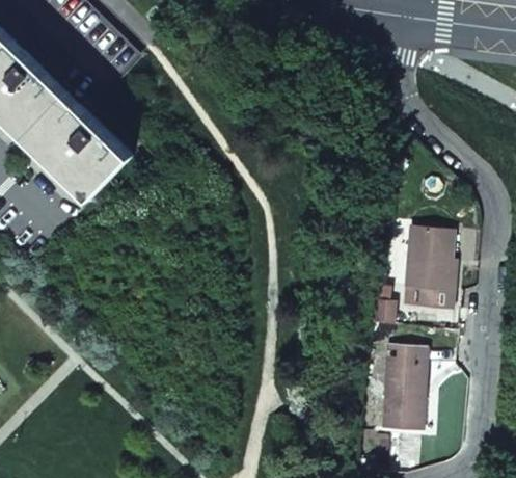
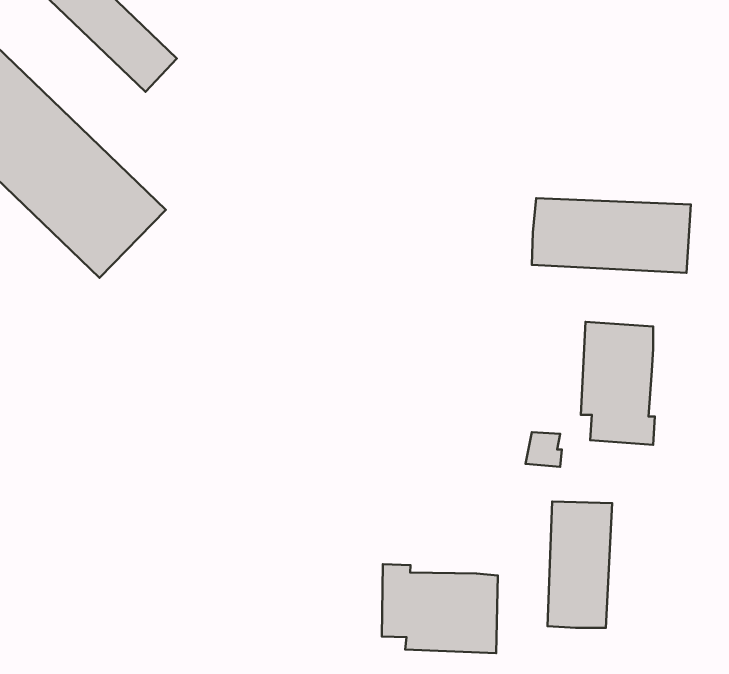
building: none -> [532,198,691,273]
building: none -> [382,564,498,653]

